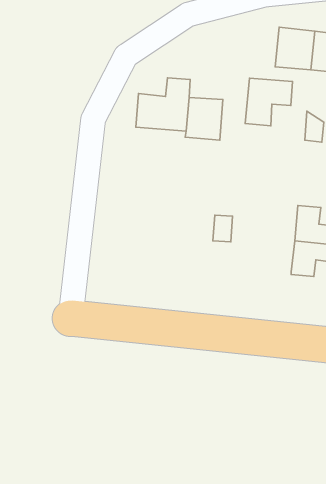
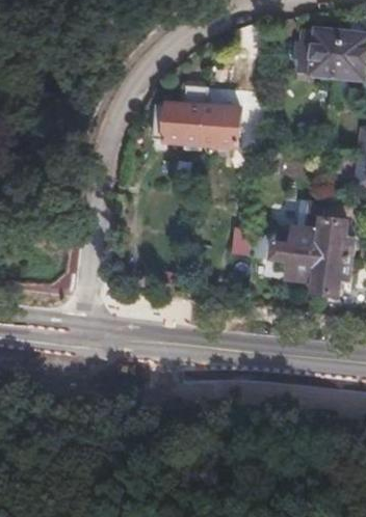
building: [245,78,293,126] -> none
building: none -> [267,203,323,287]

